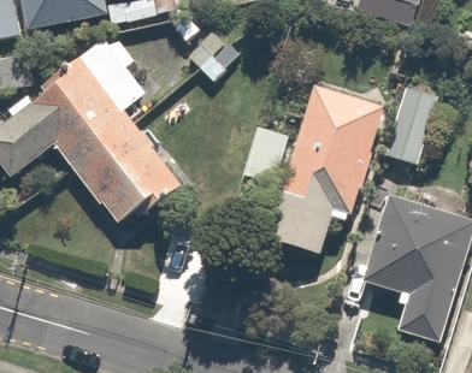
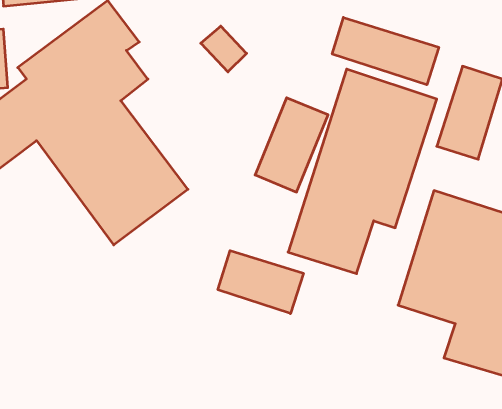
building: none -> [332,17,439,85]
building: none -> [218,251,303,314]

